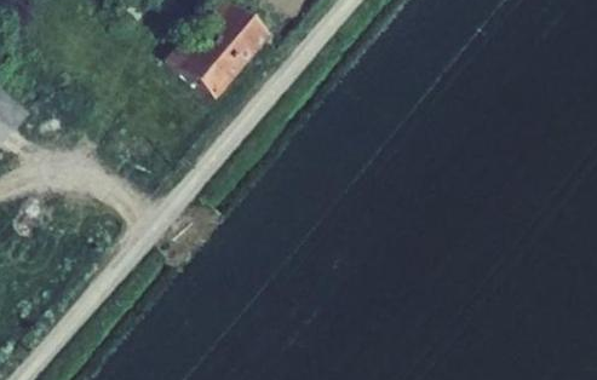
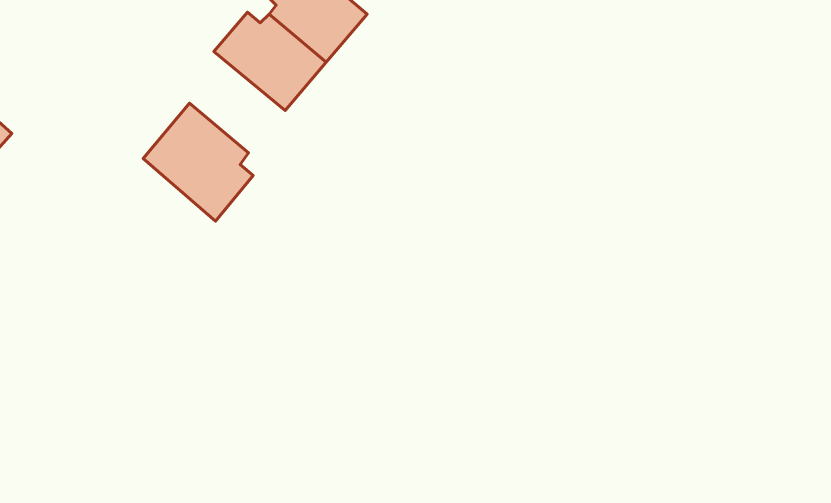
building: none -> [143,103,253,221]

